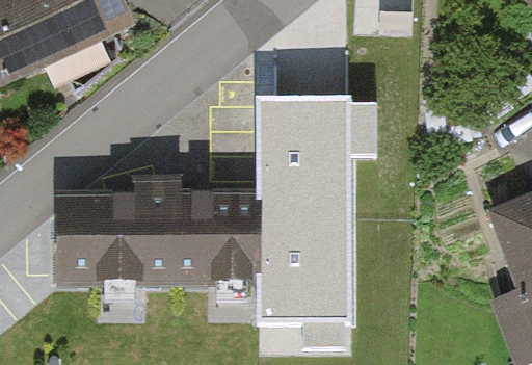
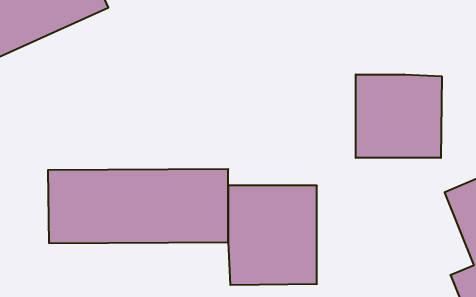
building: none -> [356,74,442,158]
building: [259,93,353,211] -> none

